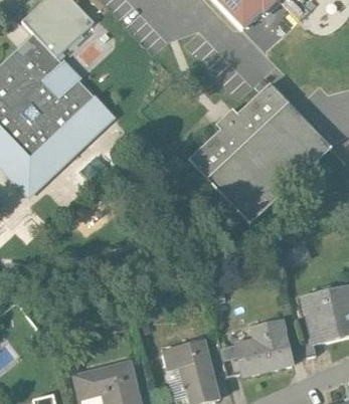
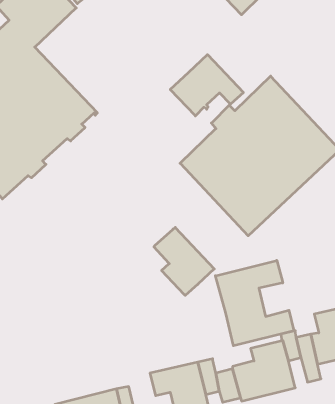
building: none -> [170,55,243,116]
building: none -> [154,227,214,295]
building: none -> [215,260,294,346]

